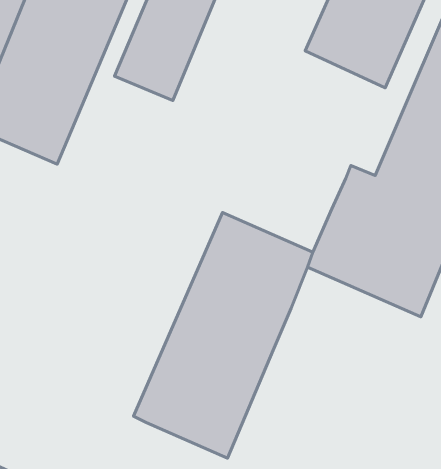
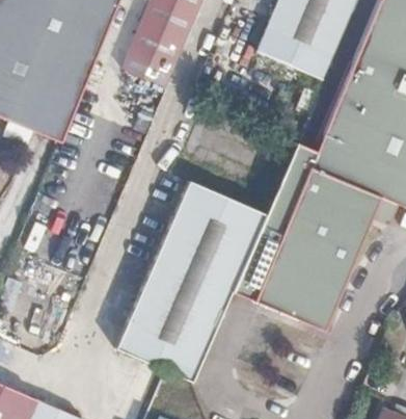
building: none -> [233,224,353,330]

